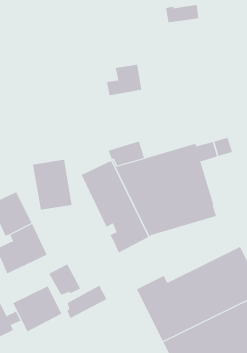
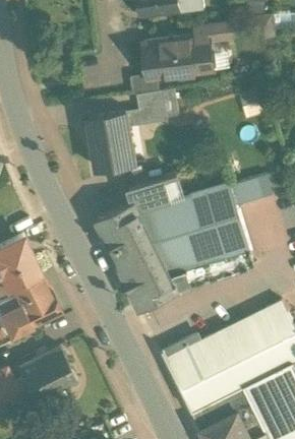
building: none -> [143,38,213,79]
building: [32,159,73,210] -> [87,112,134,171]
building: [49,263,81,296] -> none
building: [66,285,107,319] -> none

